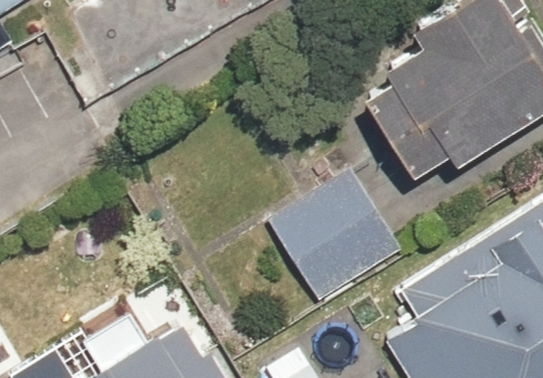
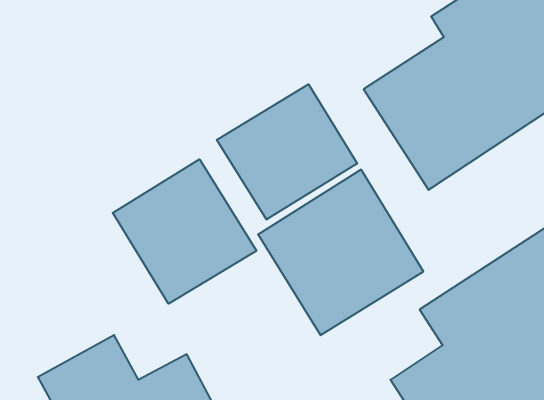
building: none -> [217,84,357,220]
building: none -> [113,159,256,304]

